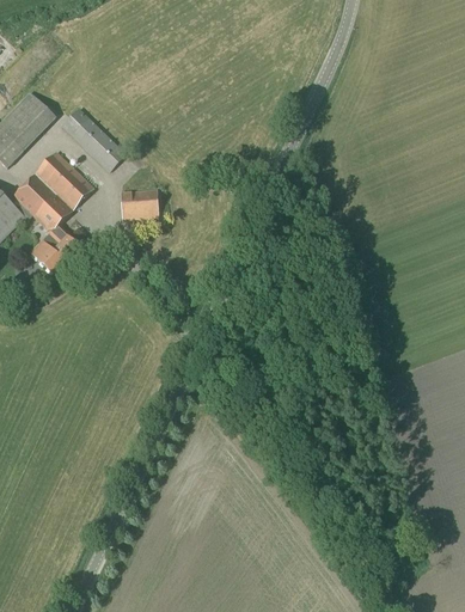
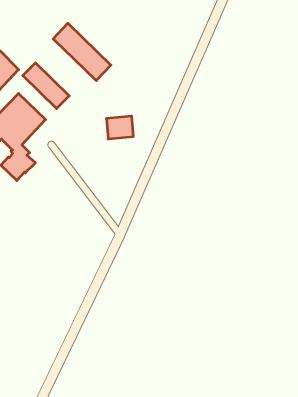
building: none -> [53,23,111,81]
building: [121,188,159,220] -> [106,116,133,139]

